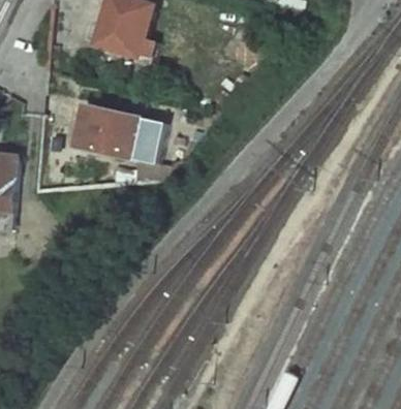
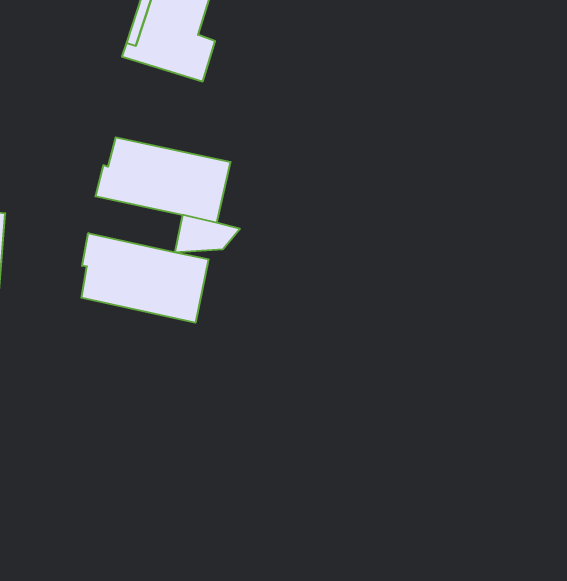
building: none -> [81,233,209,323]

